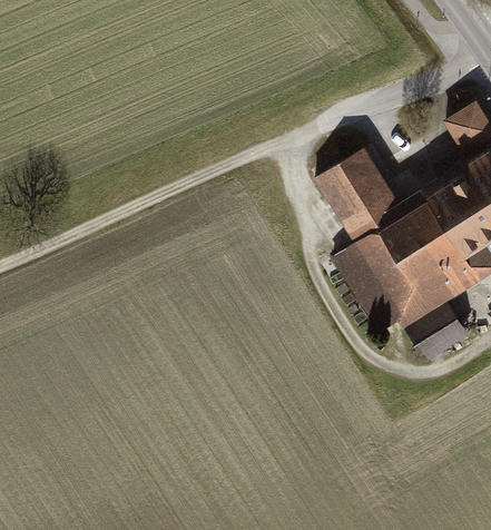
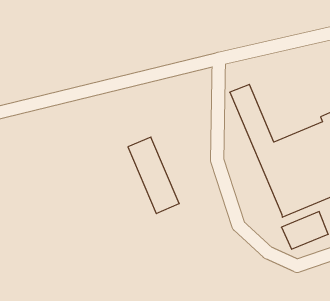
building: [340,150,435,232] -> none
building: [332,243,405,334] -> [128,137,179,214]

